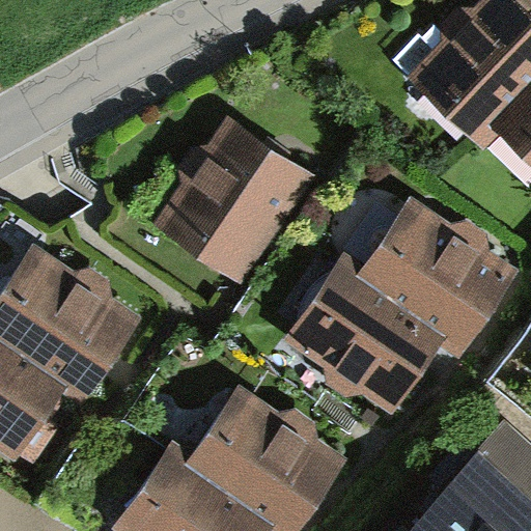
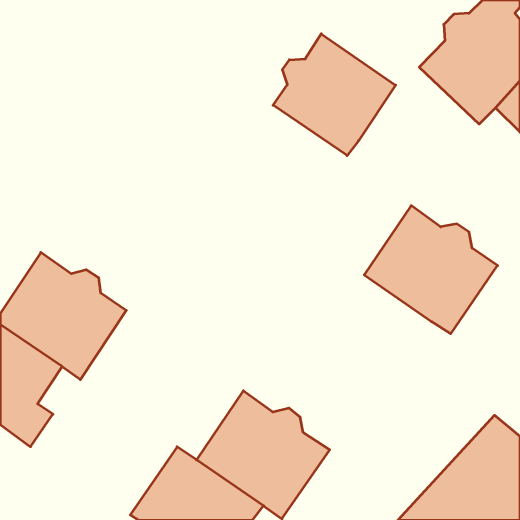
building: none -> [273,34,396,156]
building: [172,124,303,260] -> none
building: [304,267,440,397] -> none

